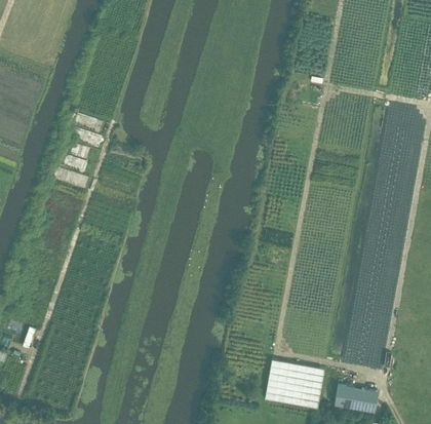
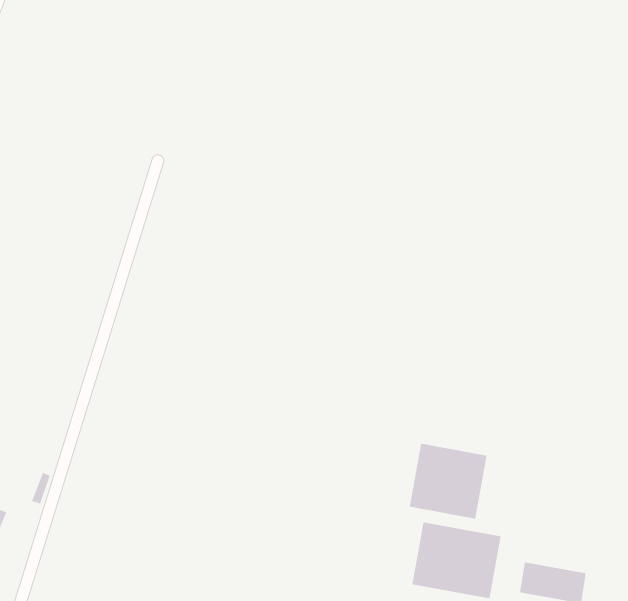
building: none -> [409,443,487,520]

